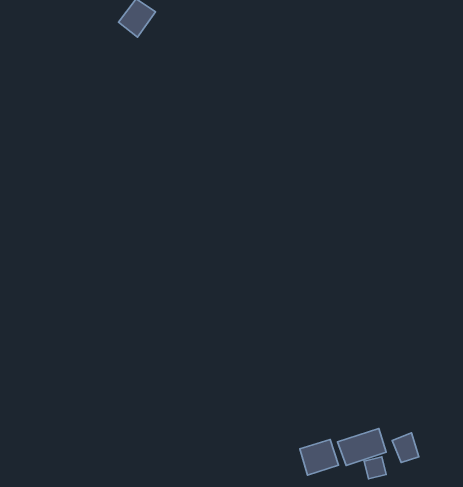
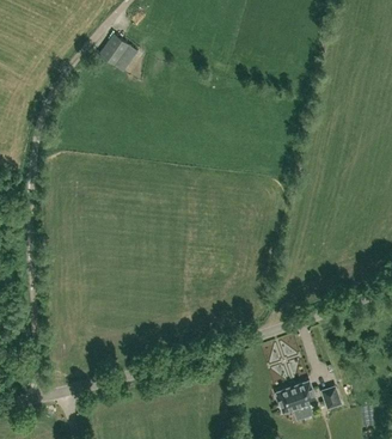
building: [300,440,339,475] -> none

